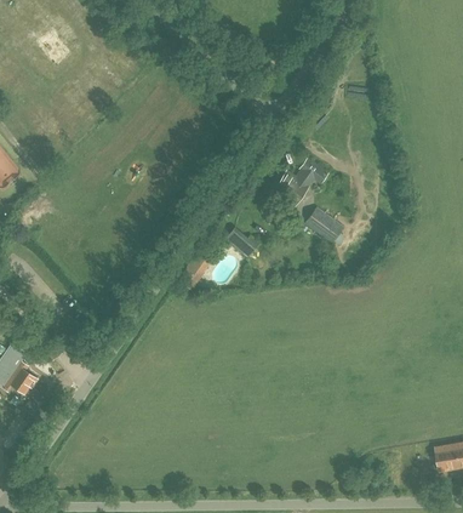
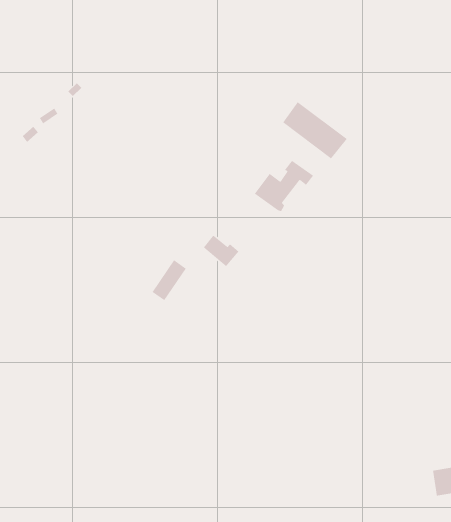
building: none -> [282,101,348,159]
building: [304,207,343,243] -> none

